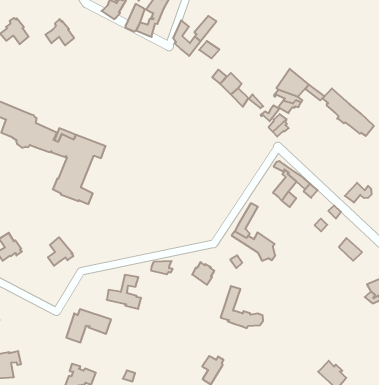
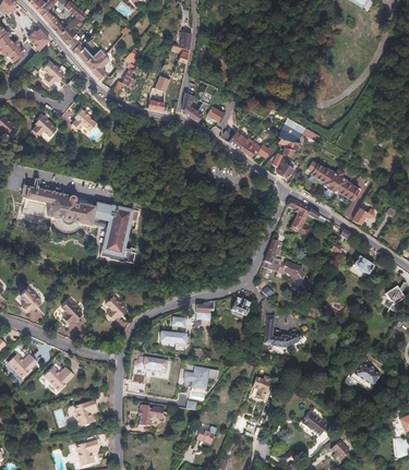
building: [323,88,374,136] -> [312,162,360,198]
building: none -> [184,364,219,386]

